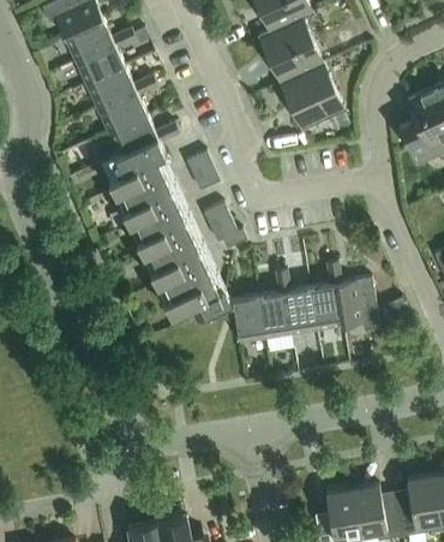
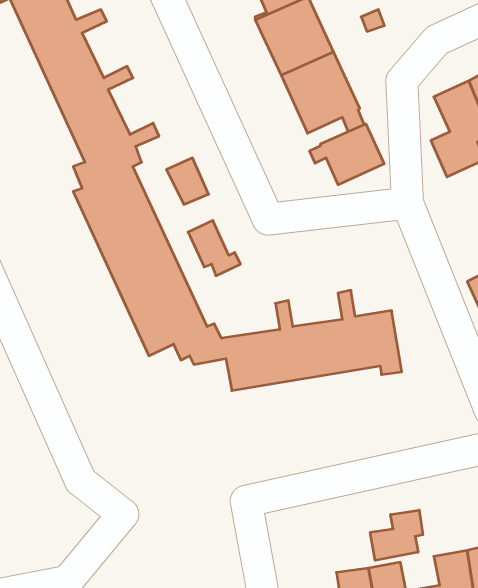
building: none -> [310,124,384,185]
building: none -> [370,510,423,560]

